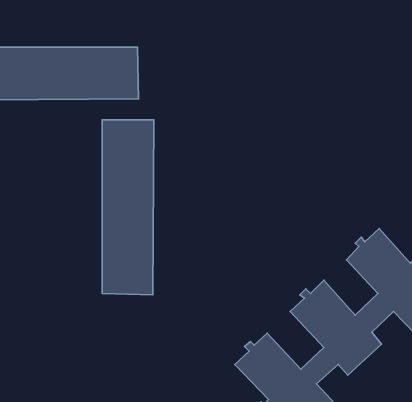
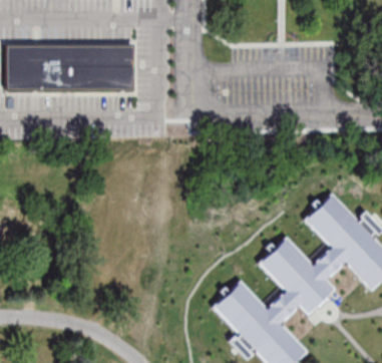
building: [102,120,154,295] -> none

